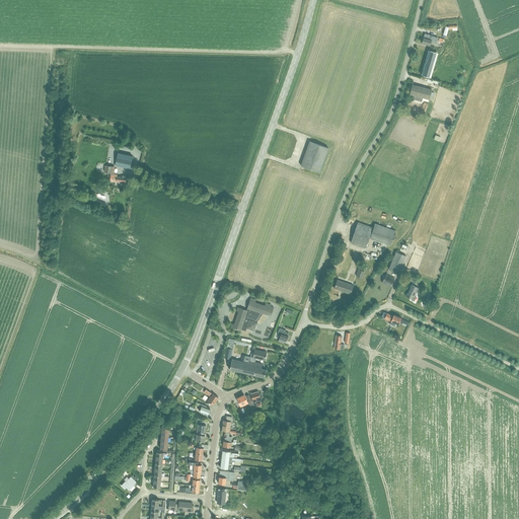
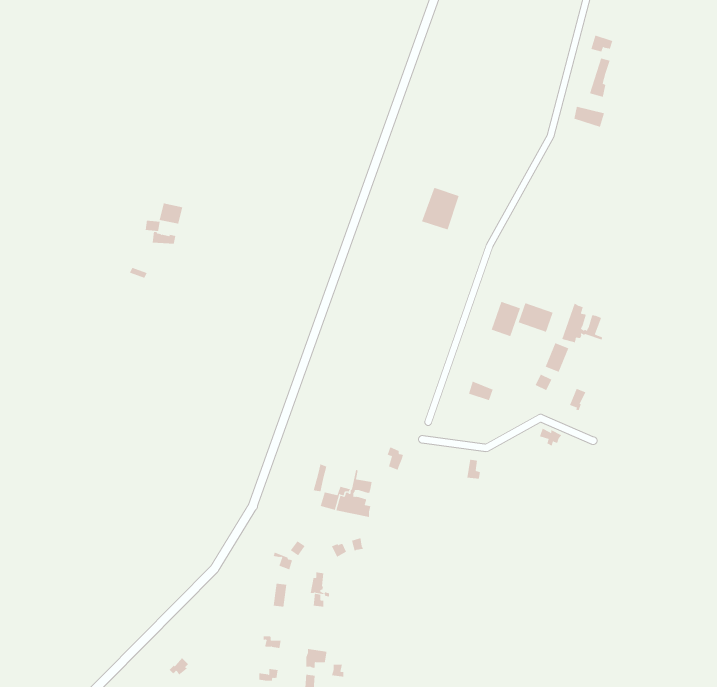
building: none -> [562,302,603,343]
building: [231,298,274,330] -> none

